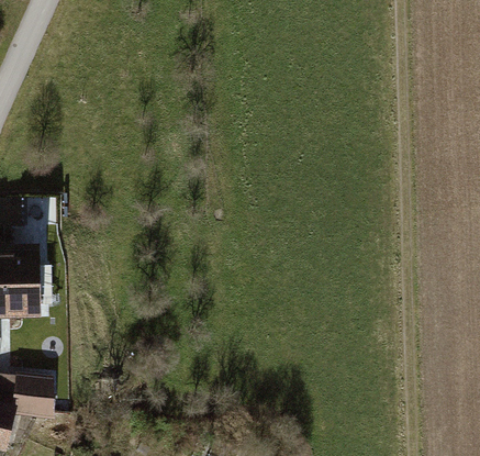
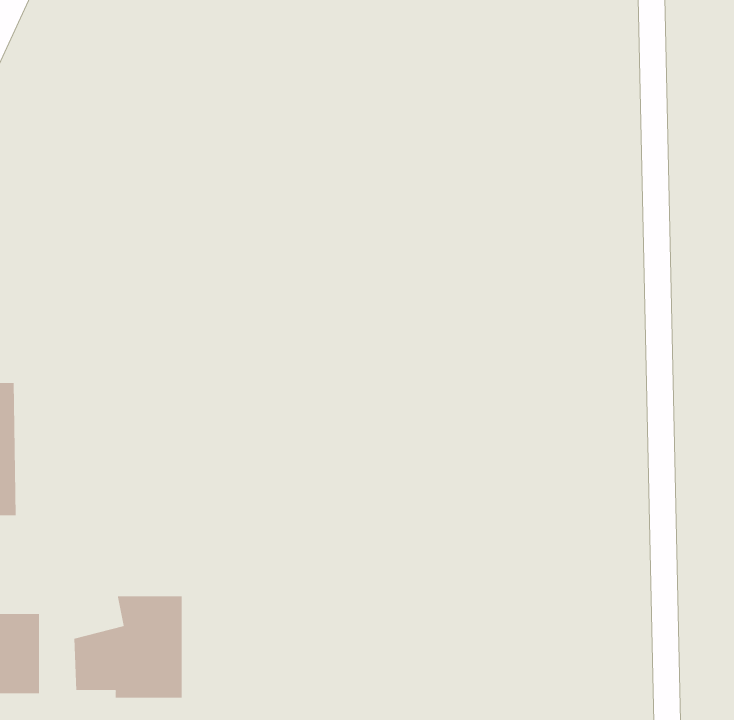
building: none -> [74,595,182,699]

